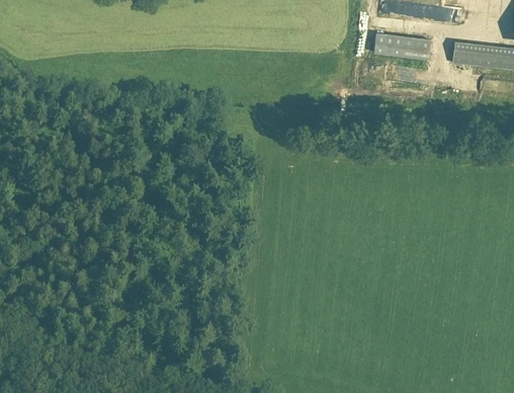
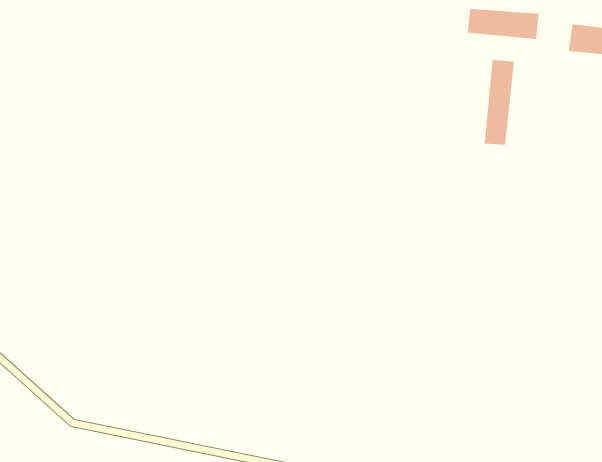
building: none -> [484,59,514,146]

